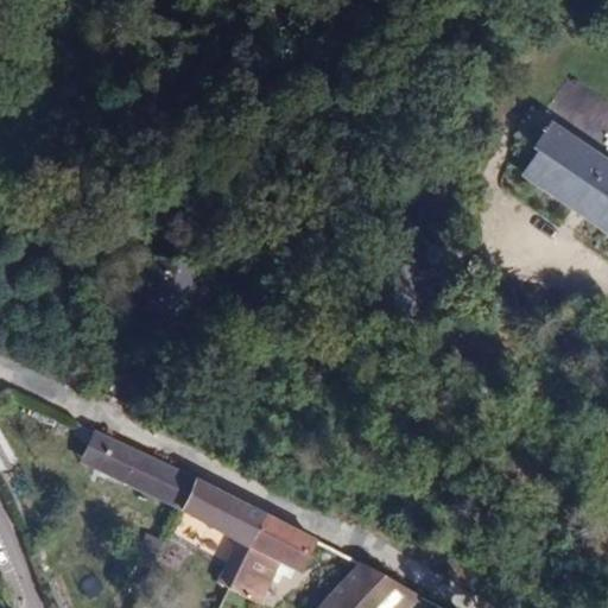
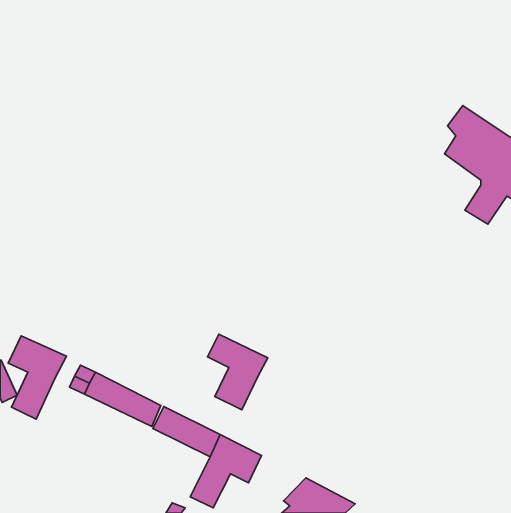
building: none -> [207,334,268,410]
building: none -> [8,336,66,419]

